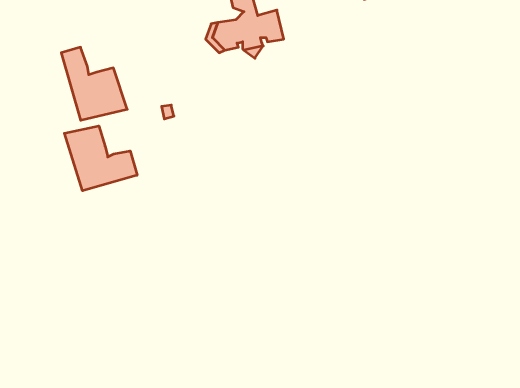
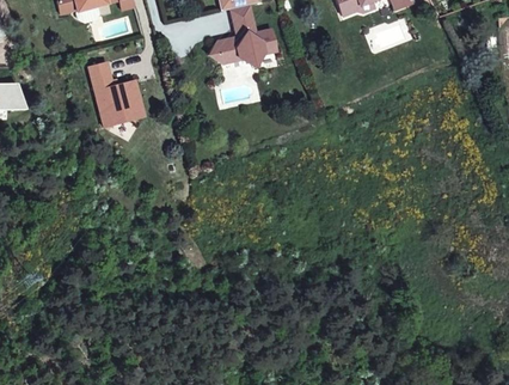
building: [64,126,137,191] -> none

